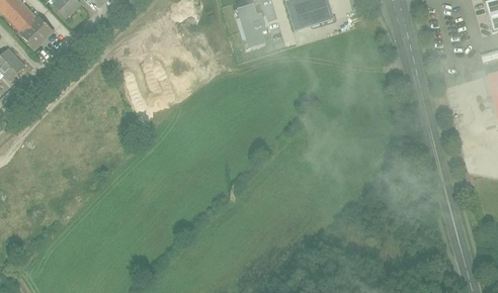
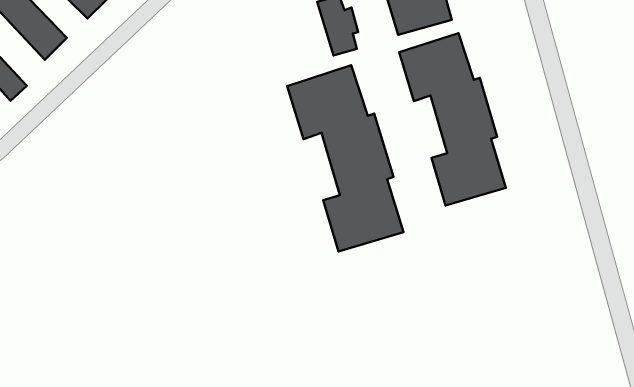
building: none -> [399,33,506,205]
building: none -> [287,65,403,252]

